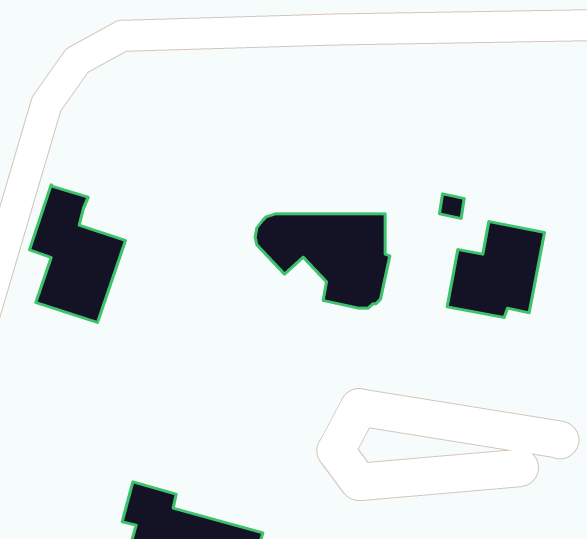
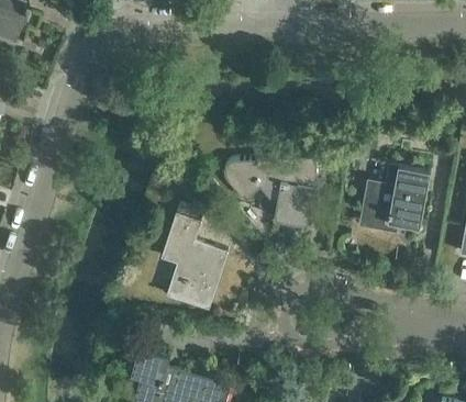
building: [29,185,125,323] -> [159,213,228,311]

